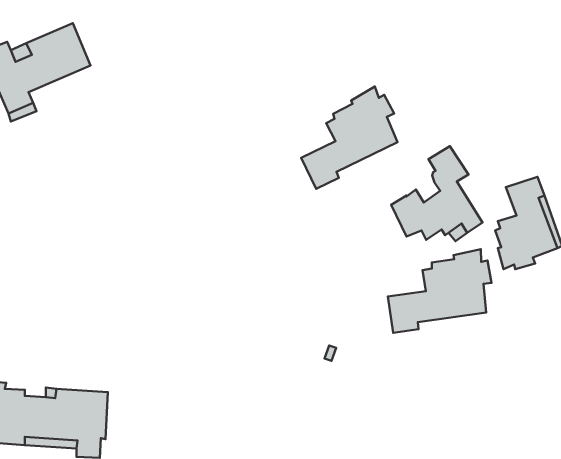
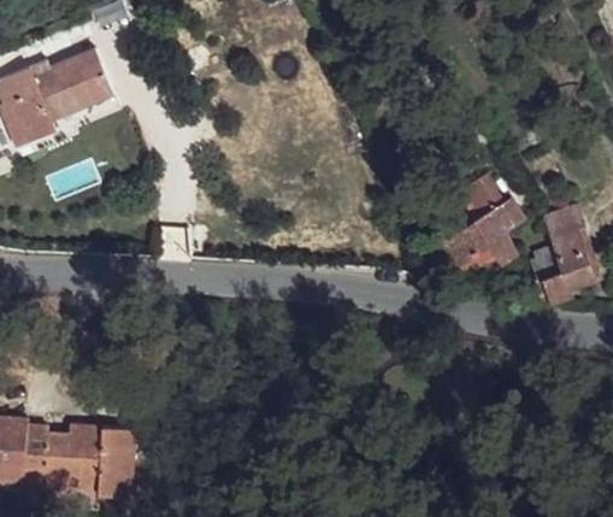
building: [301,87,397,189] -> none
building: [388,249,492,333] -> none

